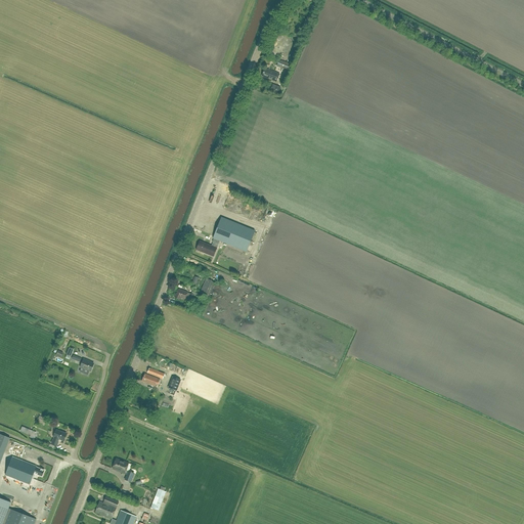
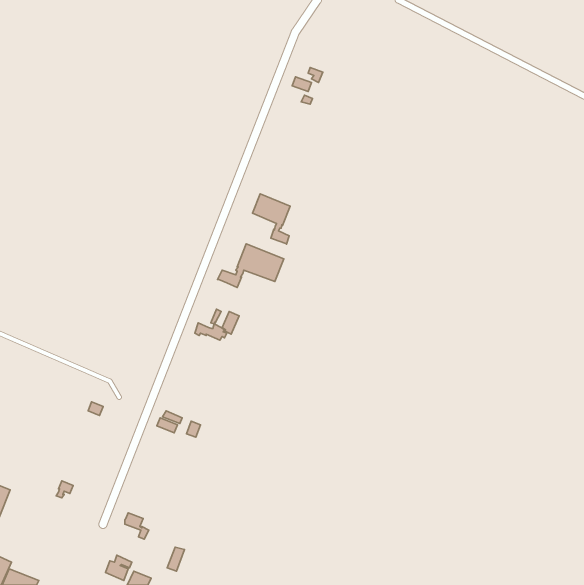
building: none -> [252,194,290,244]
building: [4,456,43,484] -> none

